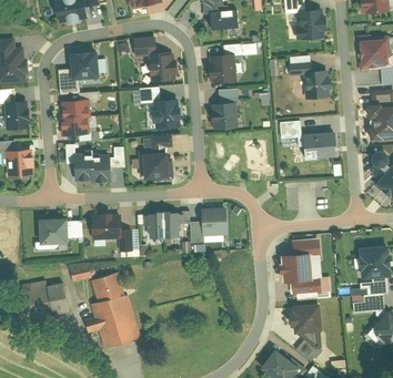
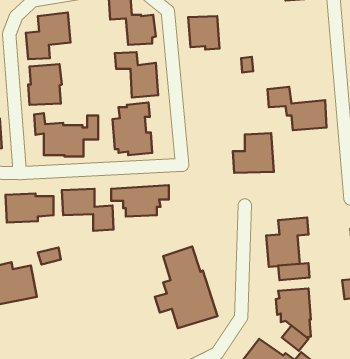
building: [290,54,331,99] -> none
building: [211,89,239,130] -> none
building: [191,205,229,242] -> [233,133,274,173]
building: [82,274,140,349] -> [155,247,217,328]

